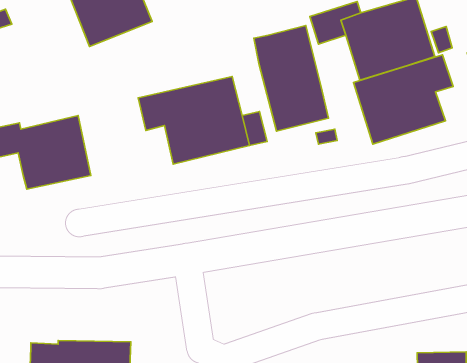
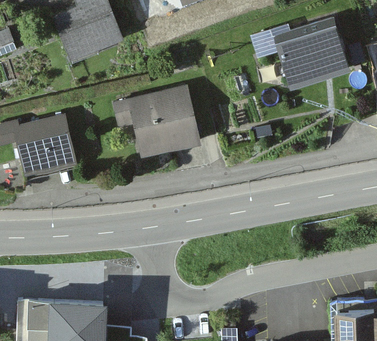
building: [254,25,328,131] -> none
building: [353,55,453,144] -> none

